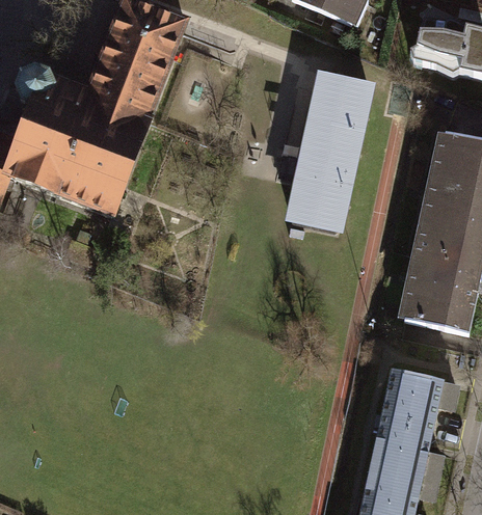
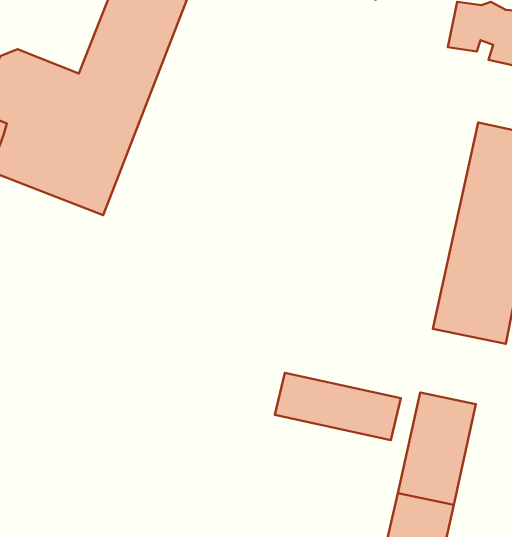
building: [292,74,369,231] -> none
building: none -> [275,373,401,440]

